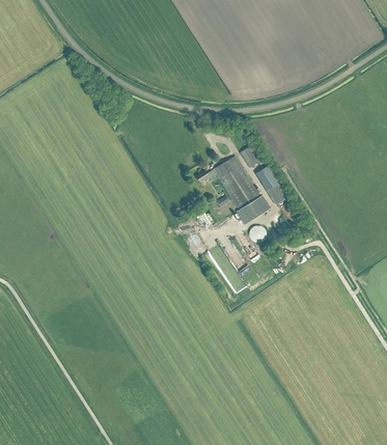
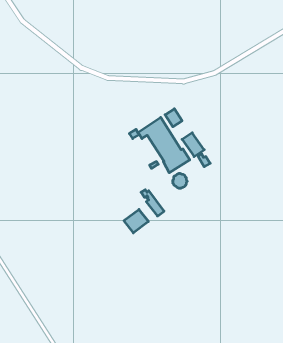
building: none -> [124,209,148,233]

